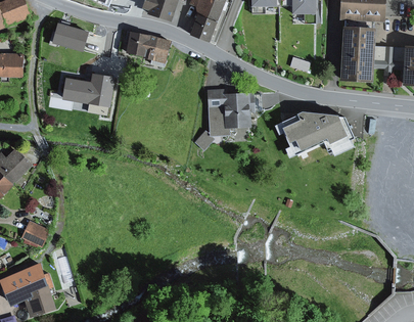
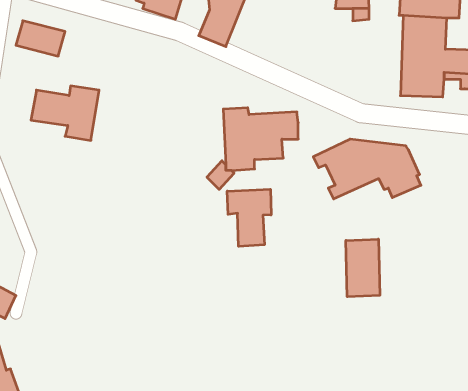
building: [125,32,170,66] -> none
building: none -> [227,189,271,246]
building: none -> [346,239,380,297]

